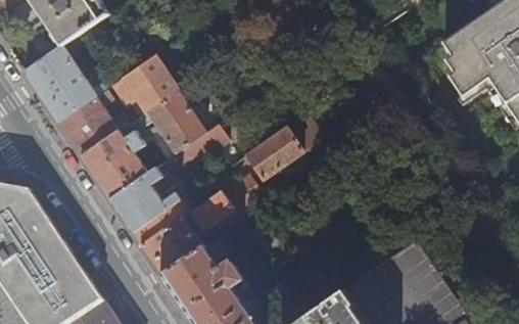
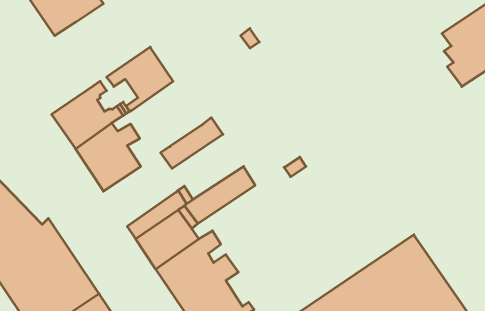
building: [25,32,100,123] -> none
building: [137,90,206,154] -> none
building: [246,115,319,177] -> none
building: [109,168,181,233] -> none

